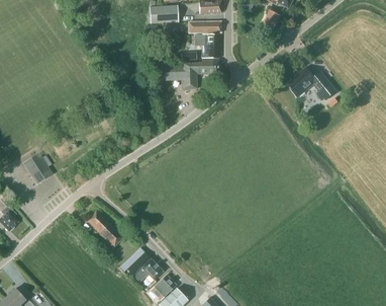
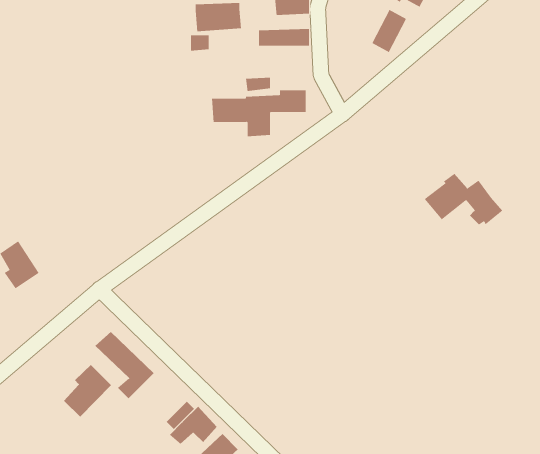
building: [195,32,218,57] -> none
building: [287,67,336,99] -> [424,173,503,225]
building: none -> [63,364,112,418]

